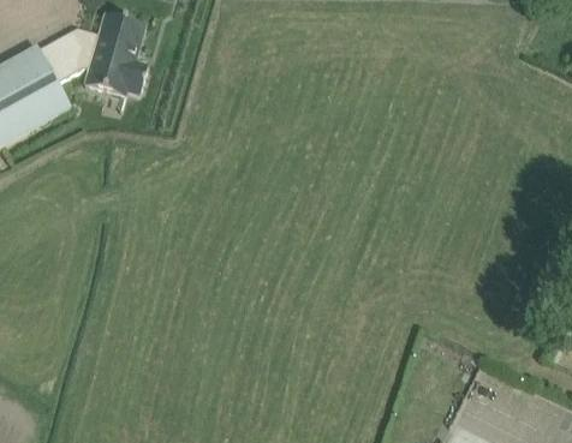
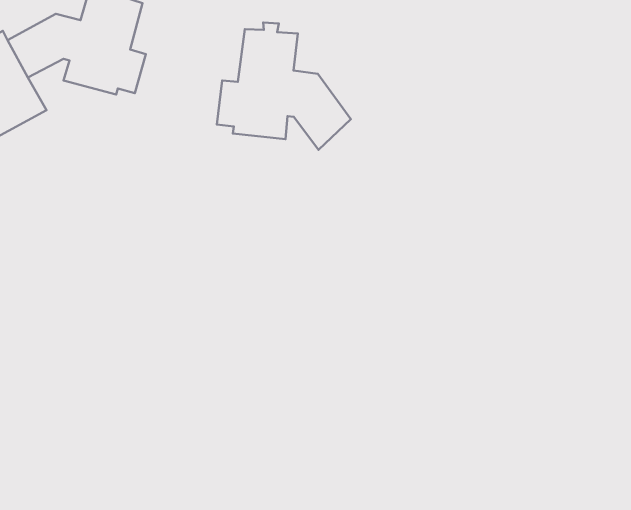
building: none -> [217,22,351,150]

